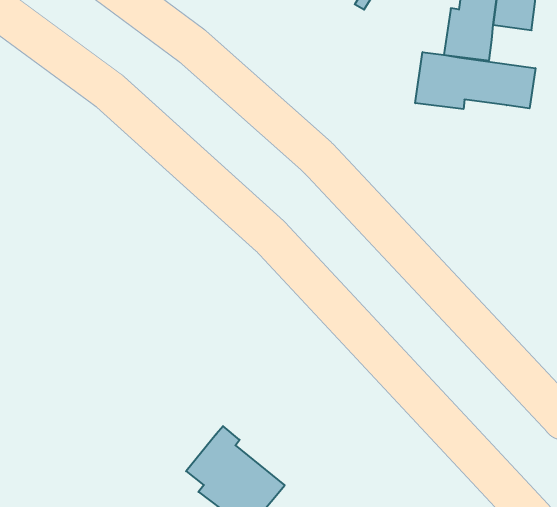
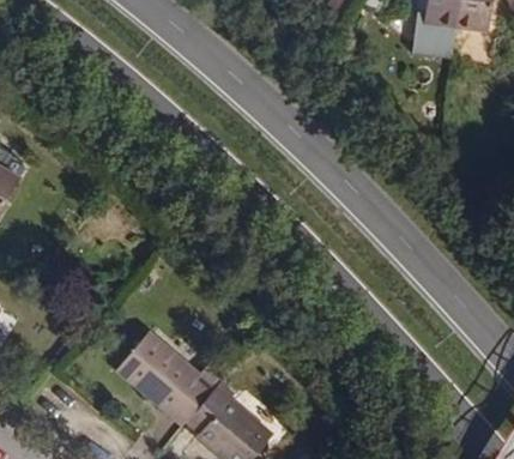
building: [415,52,535,109] -> none
building: none -> [116,332,212,423]

